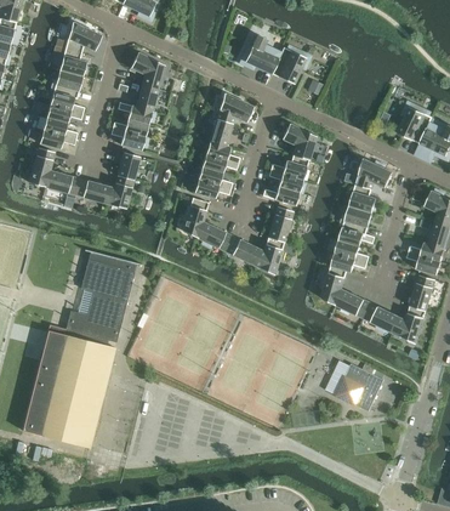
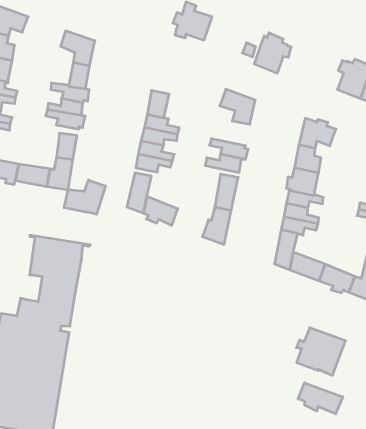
building: [272,44,309,84] -> [254,33,291,73]
building: [216,92,254,123] -> none
building: [270,154,309,180] -> none
building: none -> [64,180,105,214]
building: [224,235,261,265] -> none
building: none -> [298,383,343,414]

